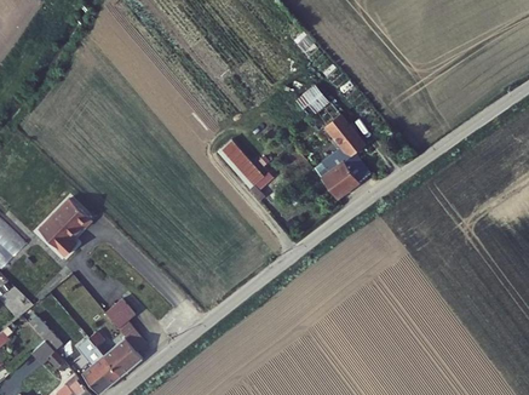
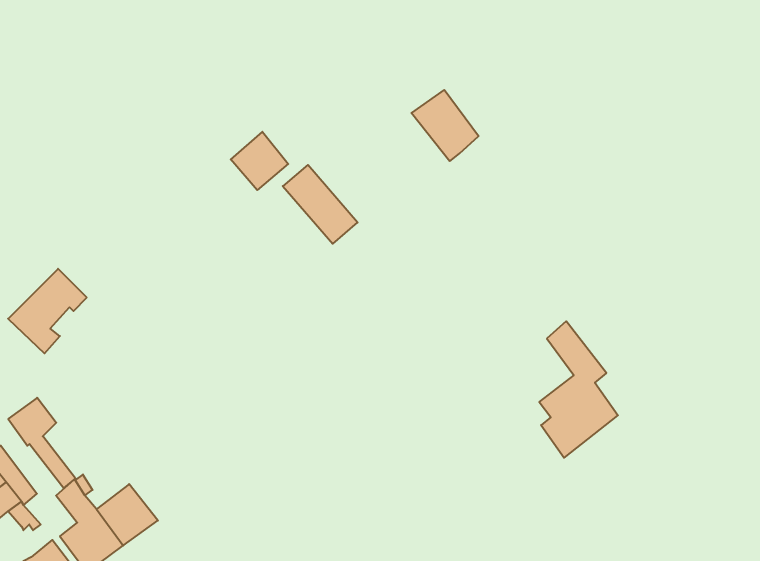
building: none -> [231,132,288,190]
building: [323,119,373,205] -> [539,321,618,458]
building: [102,299,144,356] -> [8,398,75,488]

